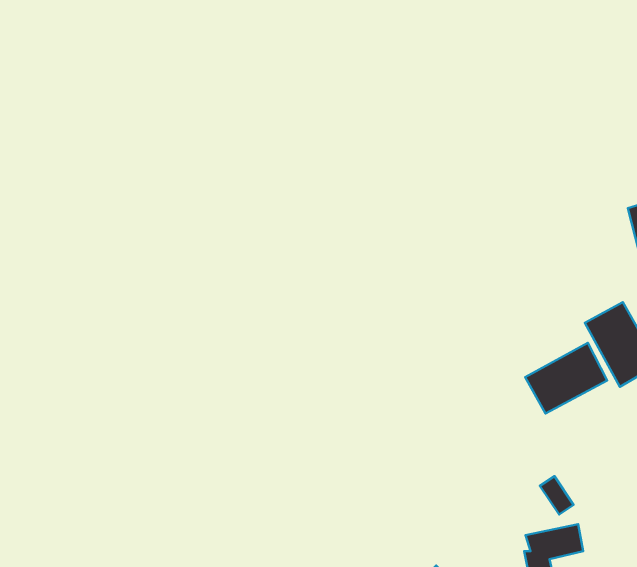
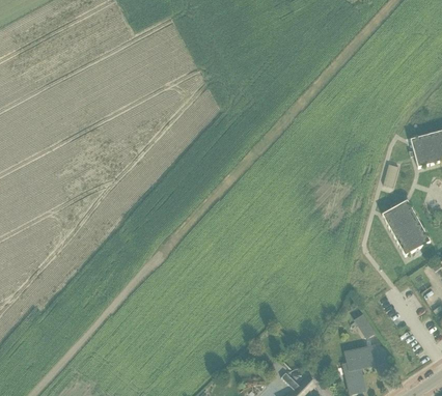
building: [525,343,607,414] -> none

